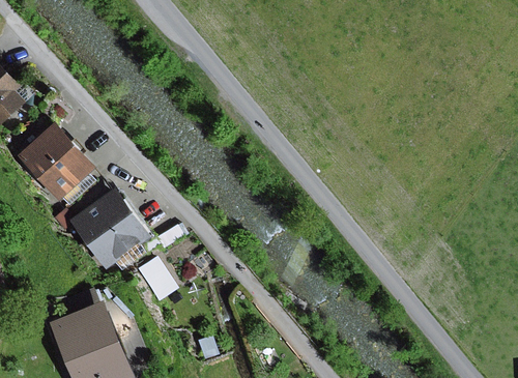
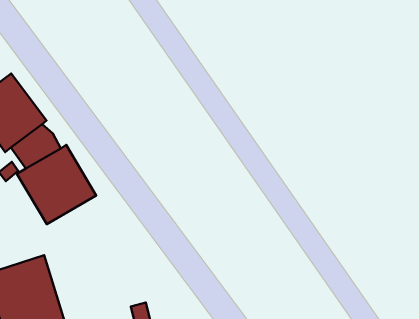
building: [136,258,177,301] -> none

